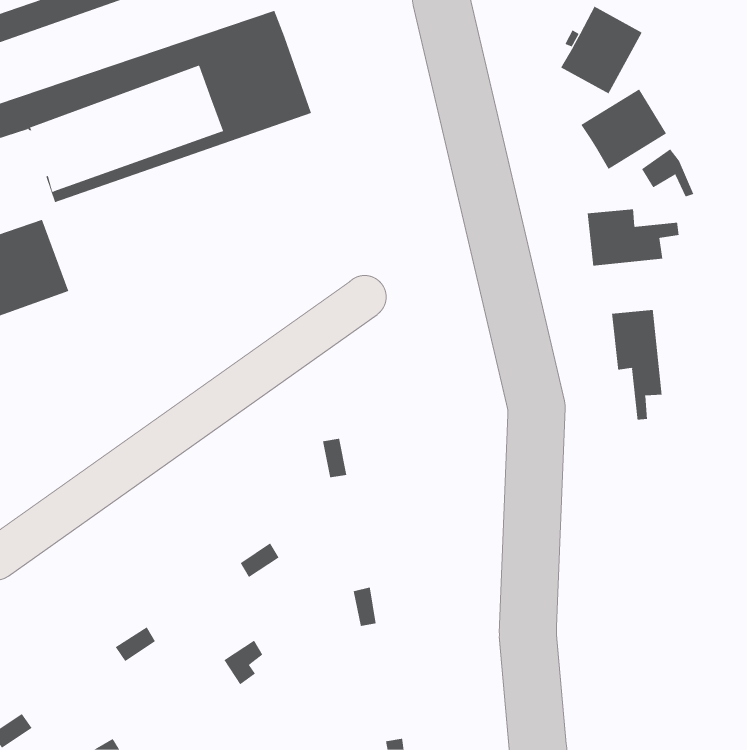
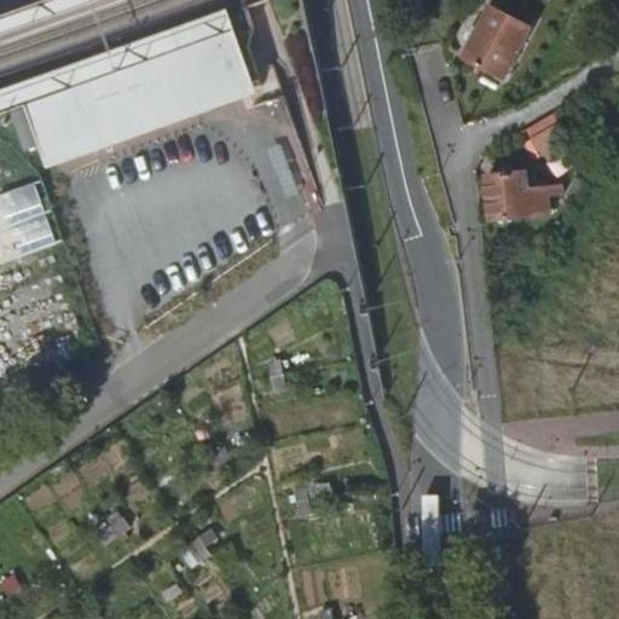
building: none -> [10,54,183,157]
building: [581,89,667,170] -> none
building: [611,309,662,421] -> none

